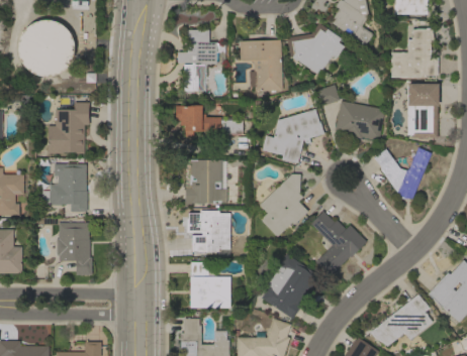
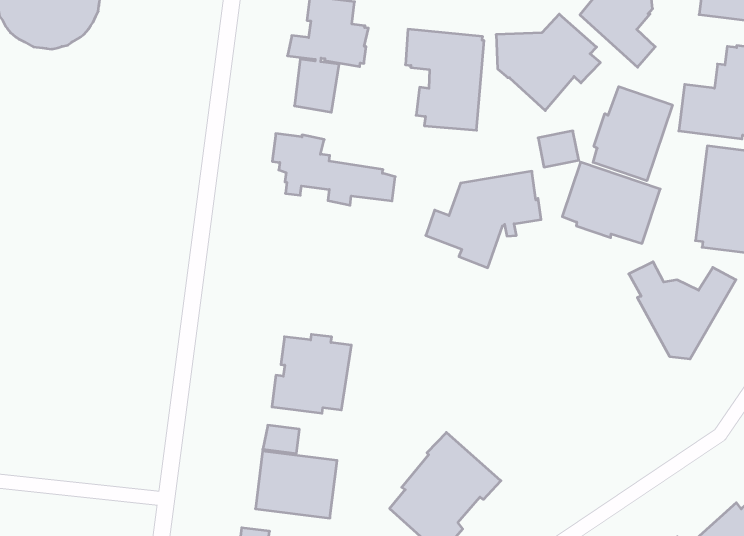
building: none -> [593,87,672,181]
building: [48,103,90,153] -> none
building: [185,160,226,205] -> none
building: [42,162,87,212] -> none
building: [259,174,308,237] -> none
building: [310,212,367,276] -> none
building: [57,223,92,275] -> none

